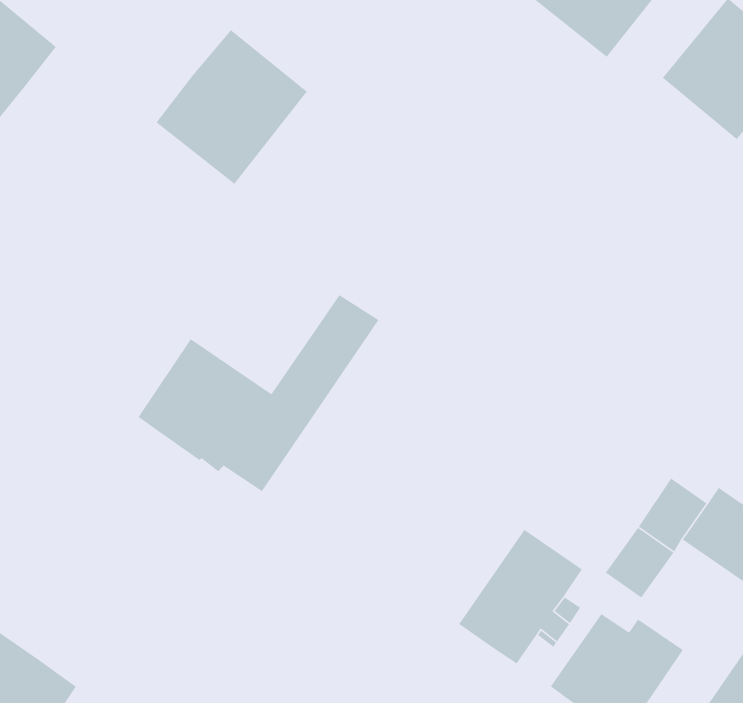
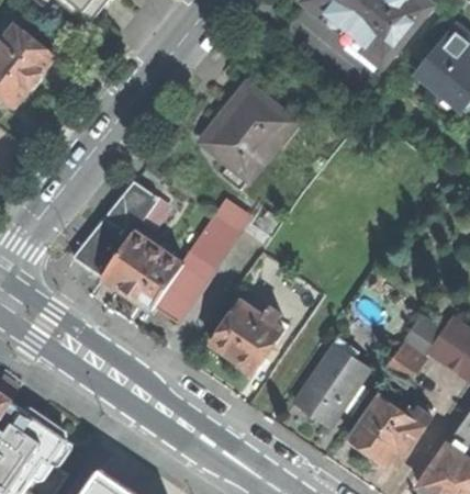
building: [156,29,308,185] -> [202,85,293,178]
building: none -> [72,180,157,277]
building: none -> [210,299,283,372]

